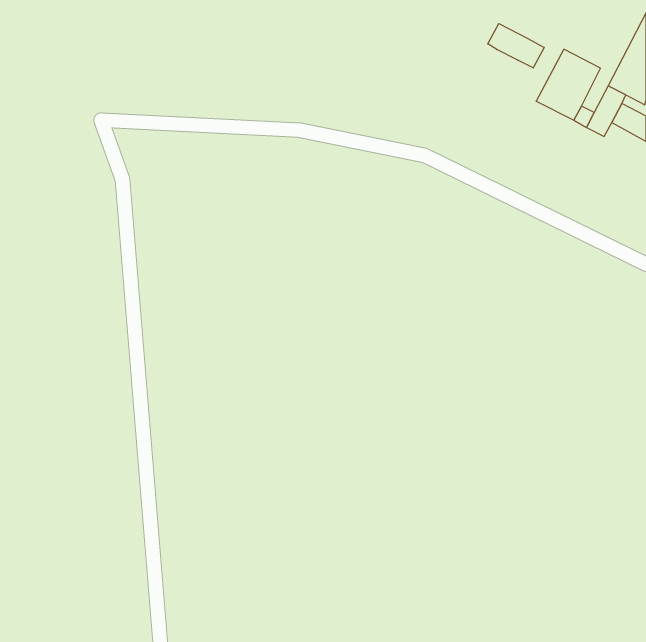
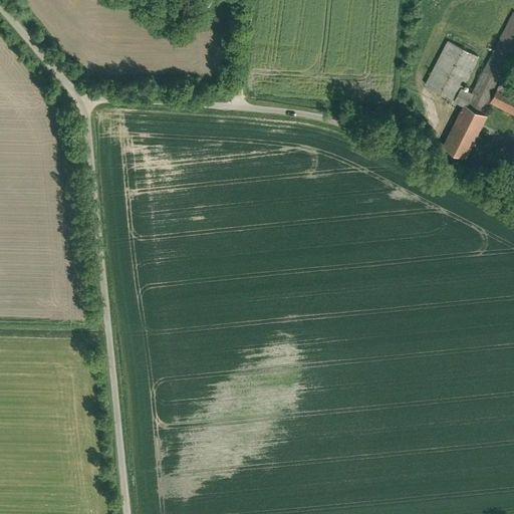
building: [488,24,544,68] -> none
building: none -> [442,105,486,159]

